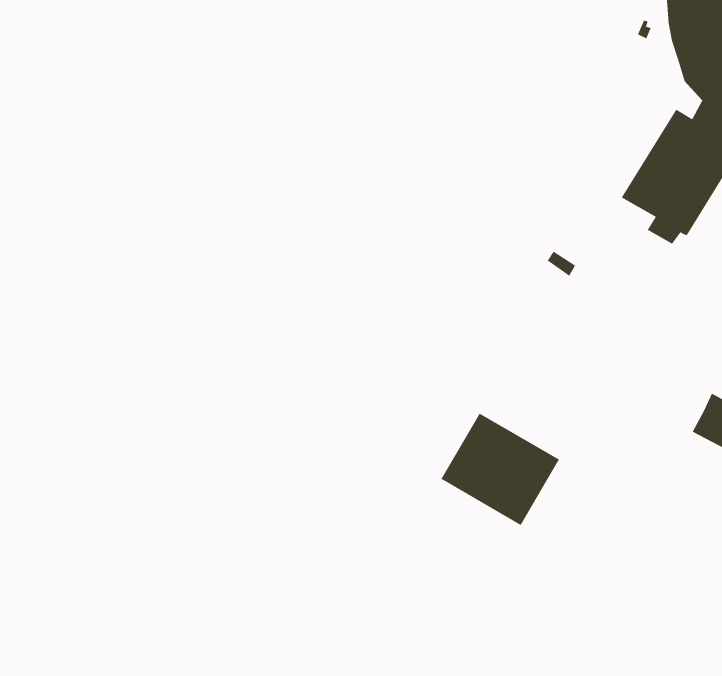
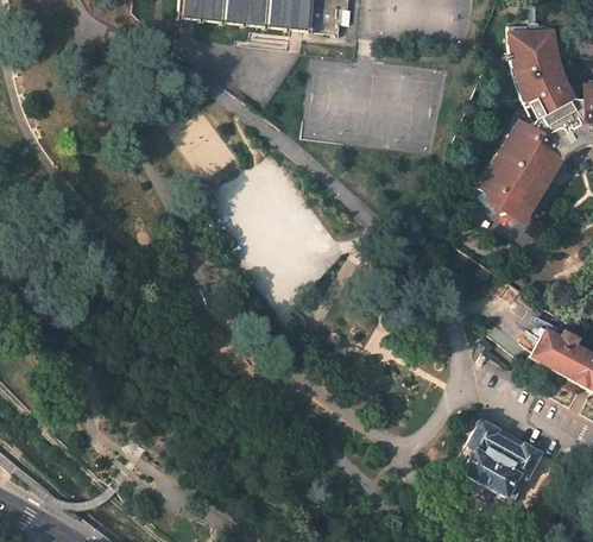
building: [441,413,560,526] -> [454,418,542,502]

